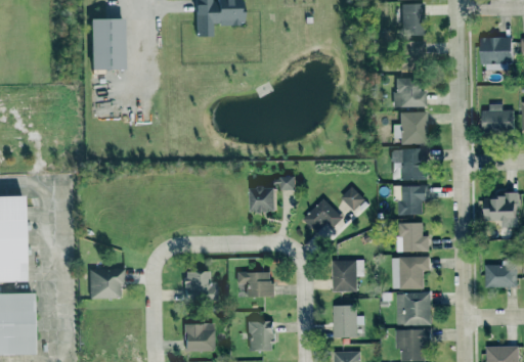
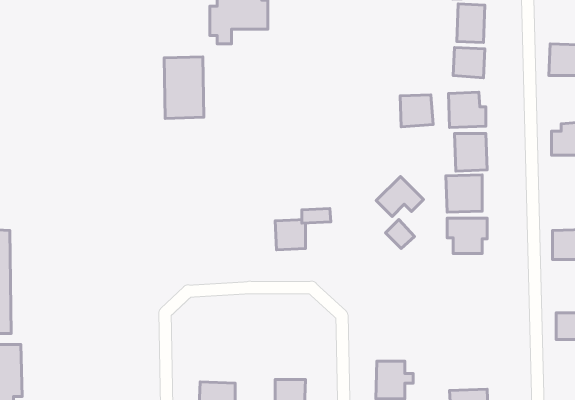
building: [88,19,122,72] -> [164,57,204,119]
building: none -> [400,95,433,127]
building: [304,198,344,232] -> [376,176,424,216]
building: [400,223,430,253] -> none
building: [394,258,431,289] -> none
building: [333,261,365,291] -> none
building: [89,269,124,299] -> none
building: [185,271,210,296] -> none
building: [236,272,273,297] -> none
building: [398,293,432,326] -> none

